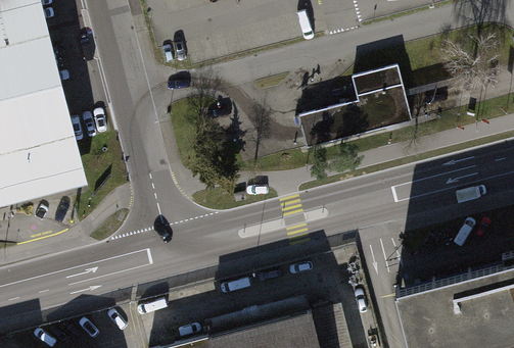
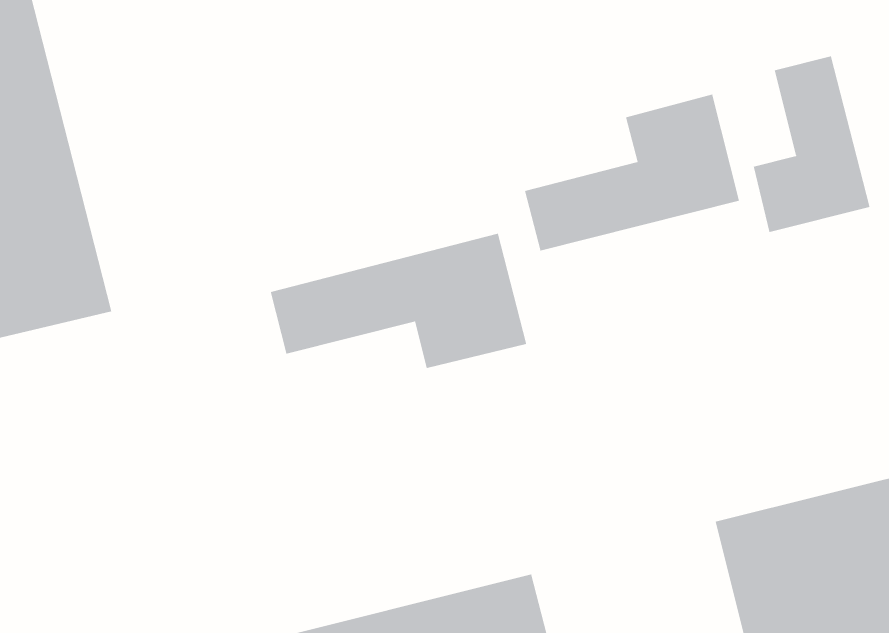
building: none -> [753,55,870,233]
building: none -> [270,233,527,369]

